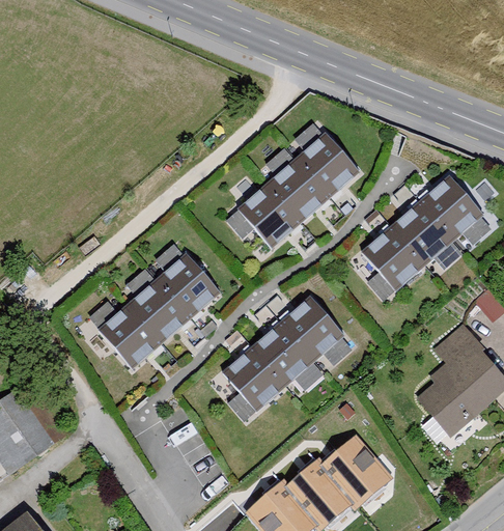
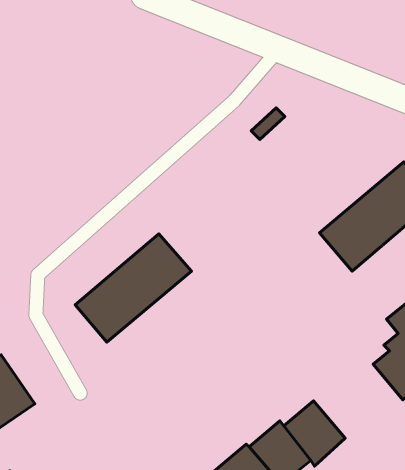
building: [234,132,361,250] -> none
building: [219,295,345,413] -> none

